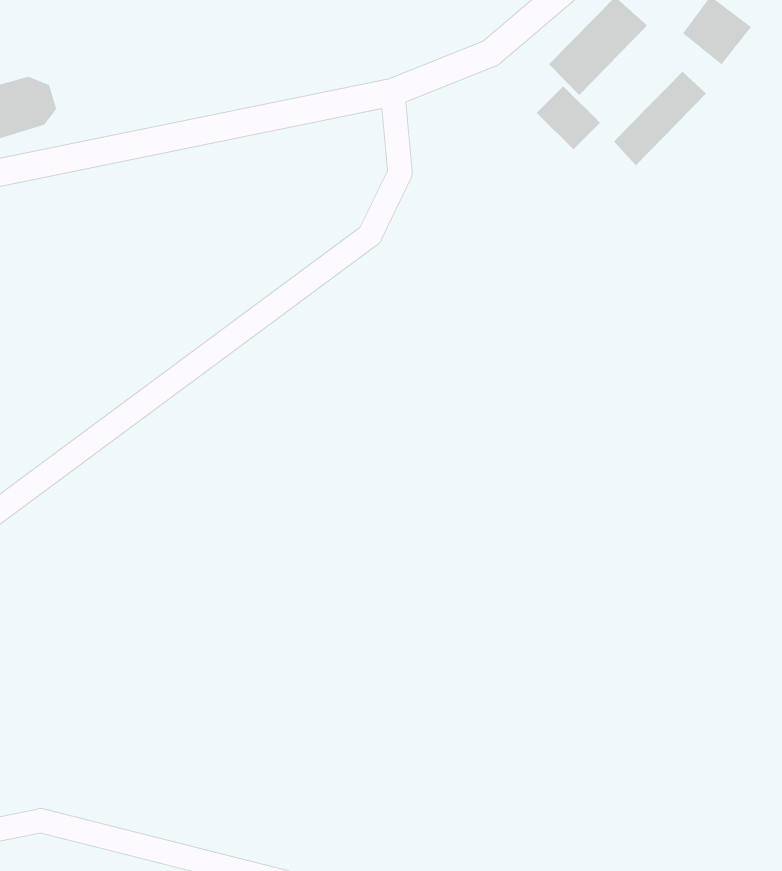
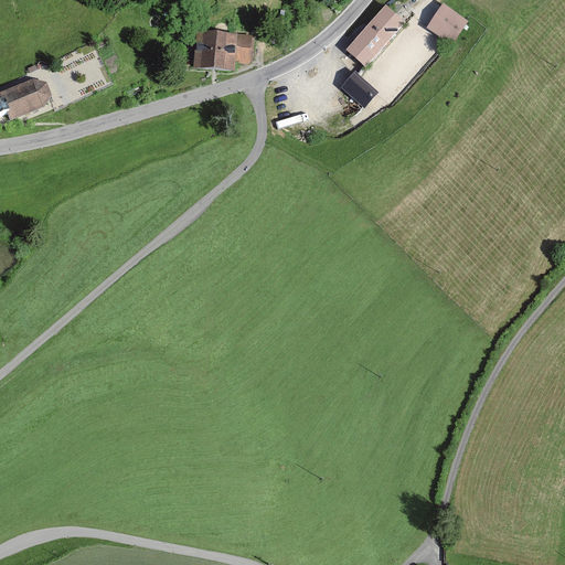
building: none -> [193,31,250,70]
building: [613,71,707,166] -> none

